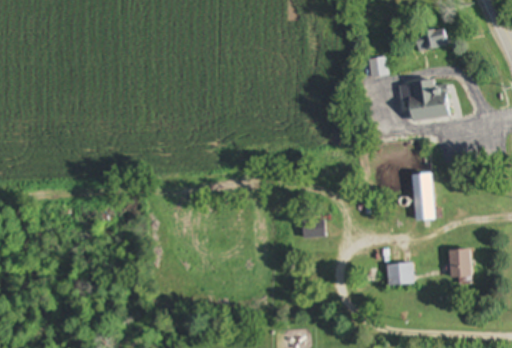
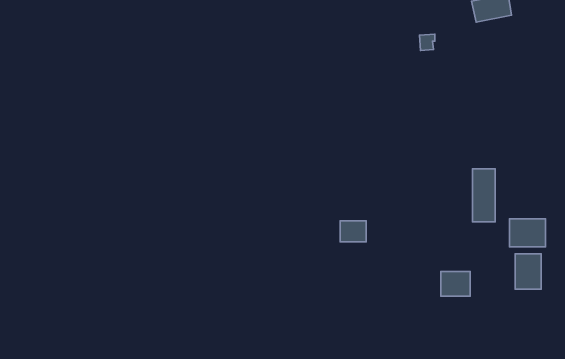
building: [398,79,450,121] -> none
building: none -> [510,219,546,247]

